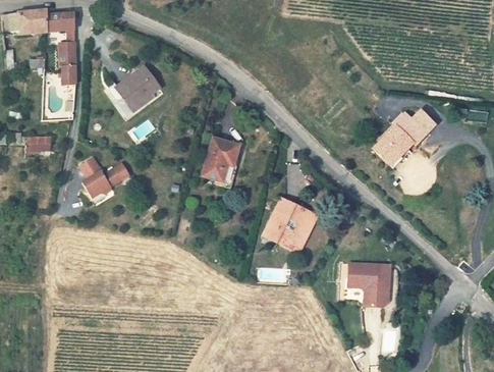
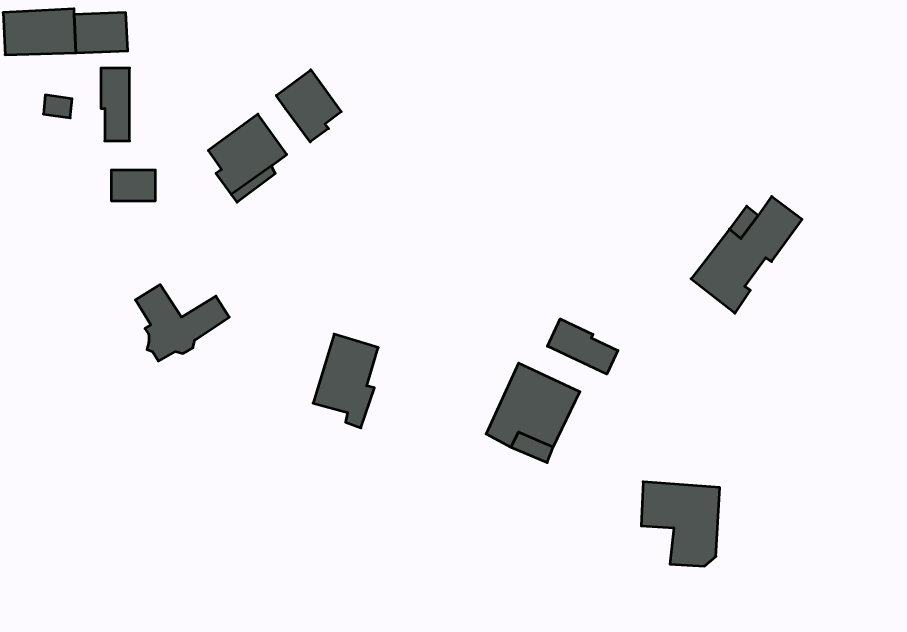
building: none -> [276,70,341,142]
building: [28,135,51,151] -> [111,170,155,201]
building: [203,138,237,188] -> [313,334,378,428]
building: none -> [547,319,618,374]

